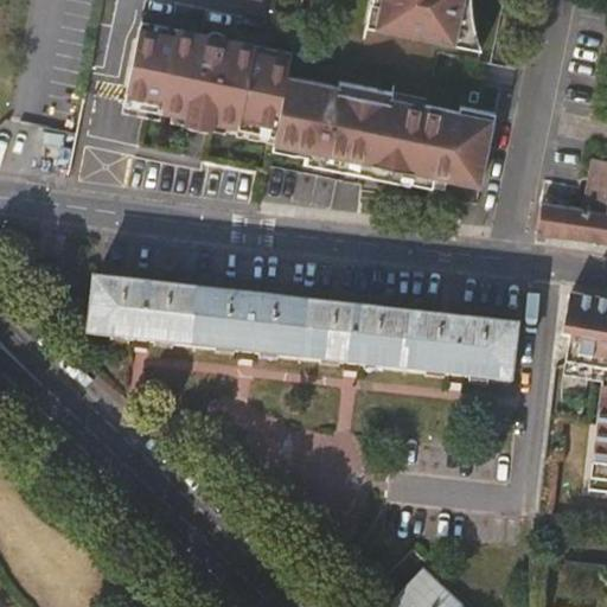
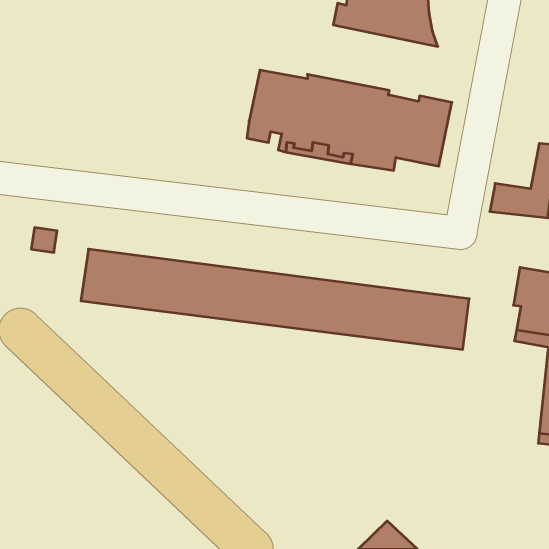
building: [126,25,292,133] -> none

